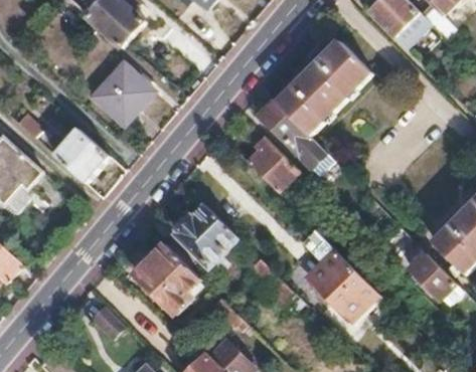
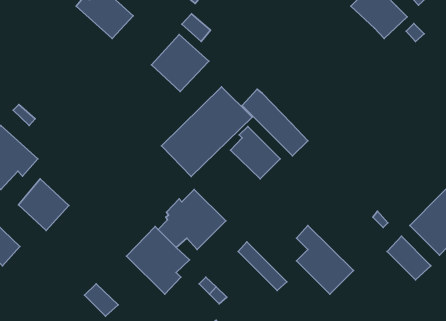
building: [277,39,372,134] -> [161,87,252,176]
building: [91,62,151,123] -> [151,34,209,92]
building: [53,128,107,182] -> [18,179,69,230]

